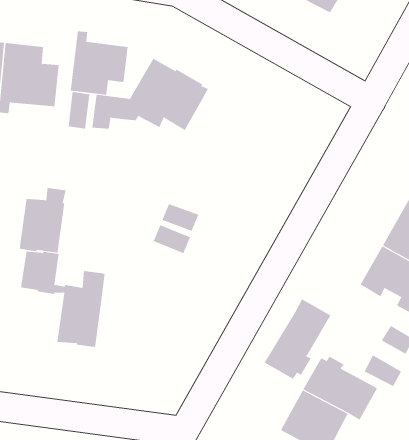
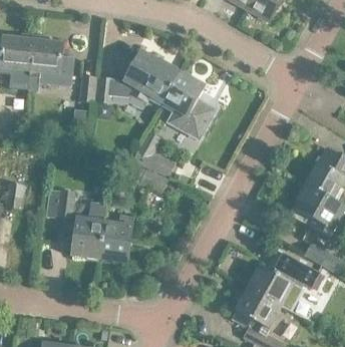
building: [70,31,128,95] -> none
building: none -> [163,72,214,136]
building: [19,187,66,253] -> [99,214,133,261]
building: [264,298,331,380] -> none

